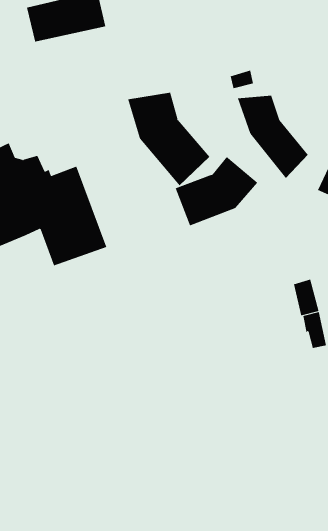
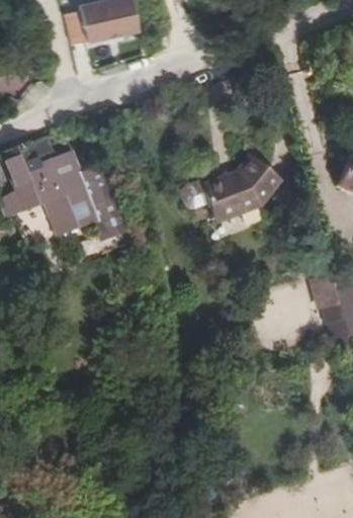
building: [127,92,210,186] -> none
building: [237,95,308,179] -> none

